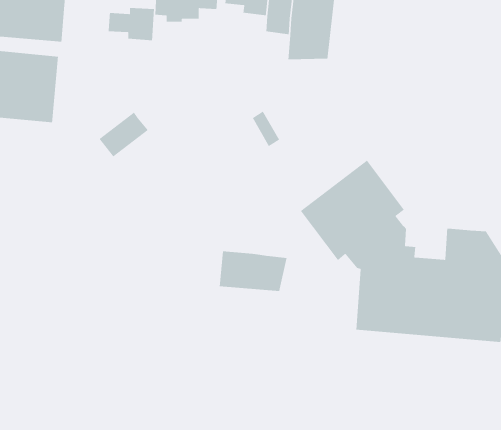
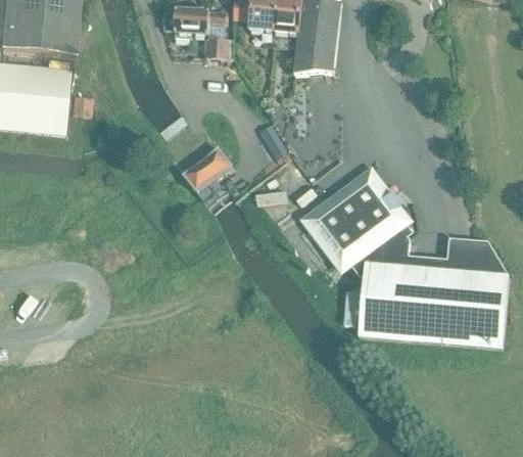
building: [108,7,155,41] -> none
building: none -> [202,36,231,56]
building: [99,111,149,158] -> [182,146,231,191]
building: [219,251,287,292] -> none

